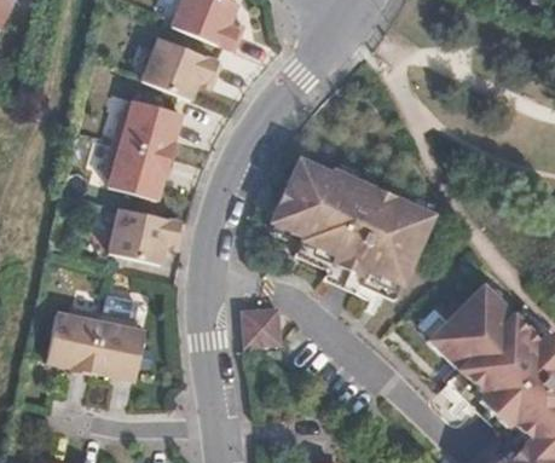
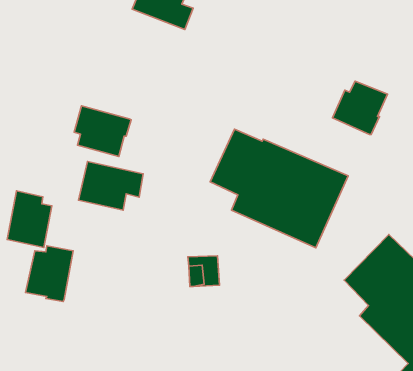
building: [145,33,224,96] -> none
building: [114,96,181,152] -> none
building: none -> [333,81,388,135]
building: [93,309,146,377] -> [7,191,52,248]

